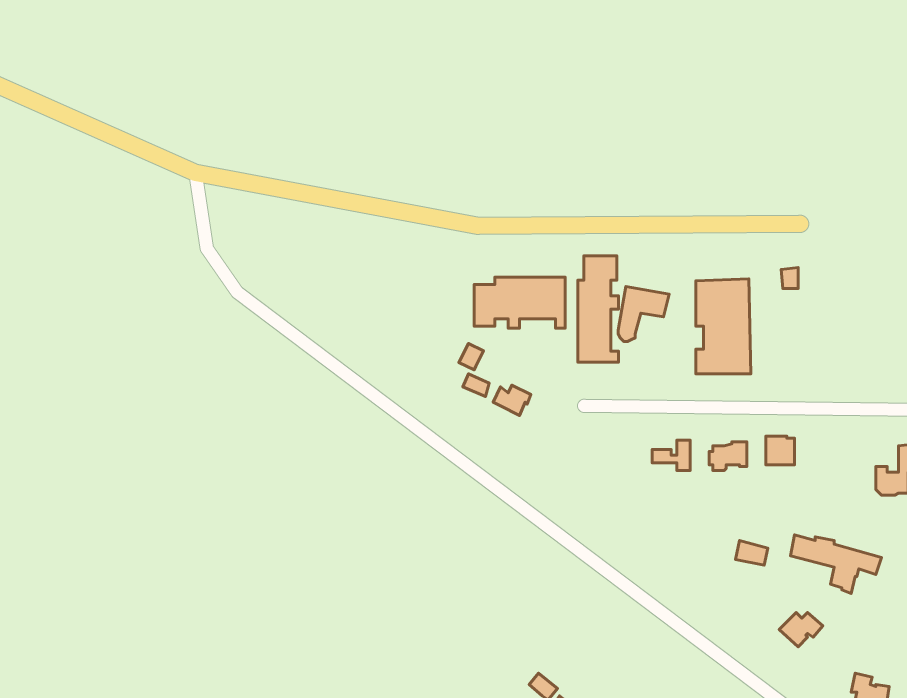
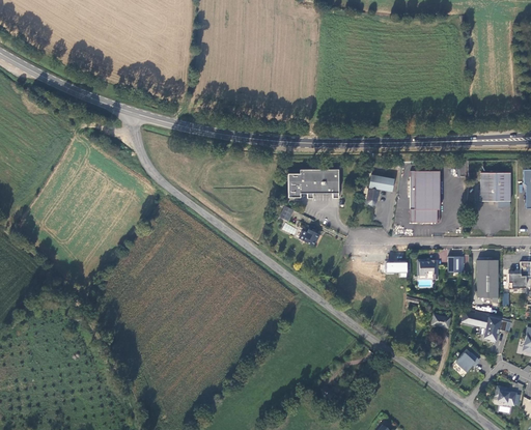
building: [578,256,618,362] -> none
building: none -> [480,172,510,200]
building: none -> [477,259,498,300]

